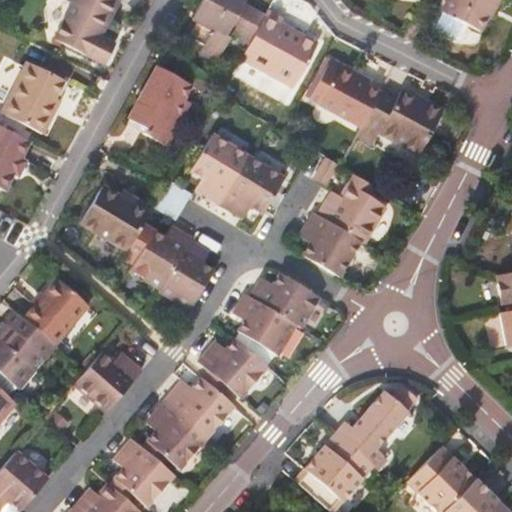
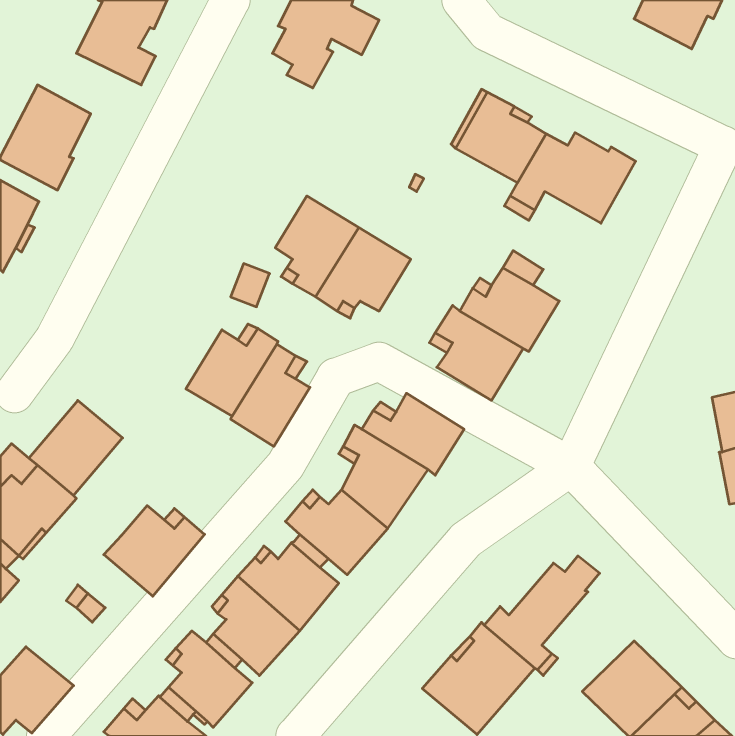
building: [241,8,318,85] -> none
building: [127,64,191,144] -> none
building: [80,185,153,251] -> none

